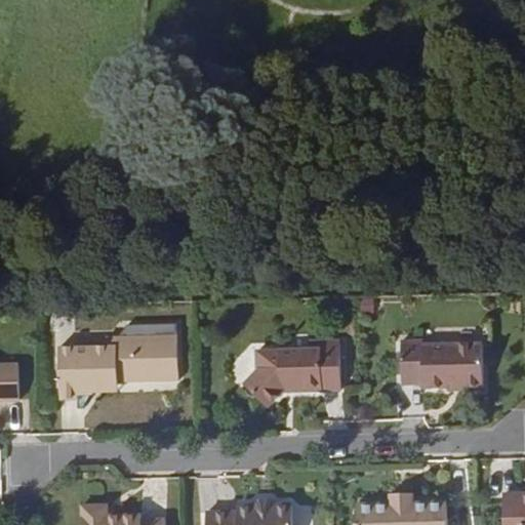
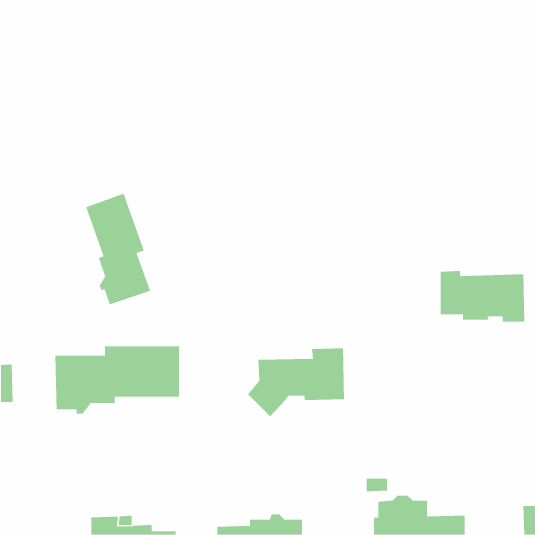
building: none -> [85,193,151,305]
building: [400,339,483,390] -> [440,271,525,322]

